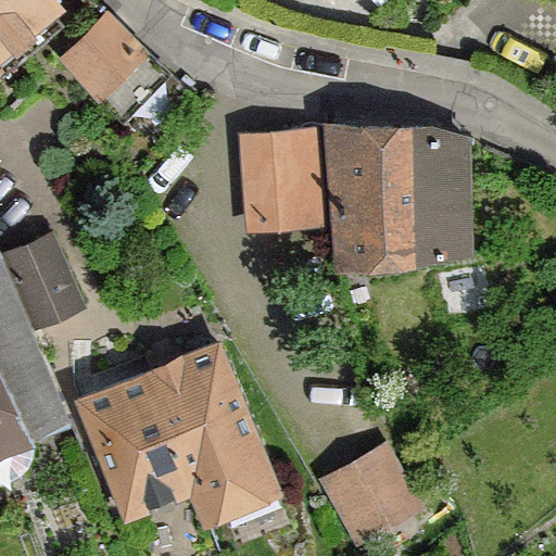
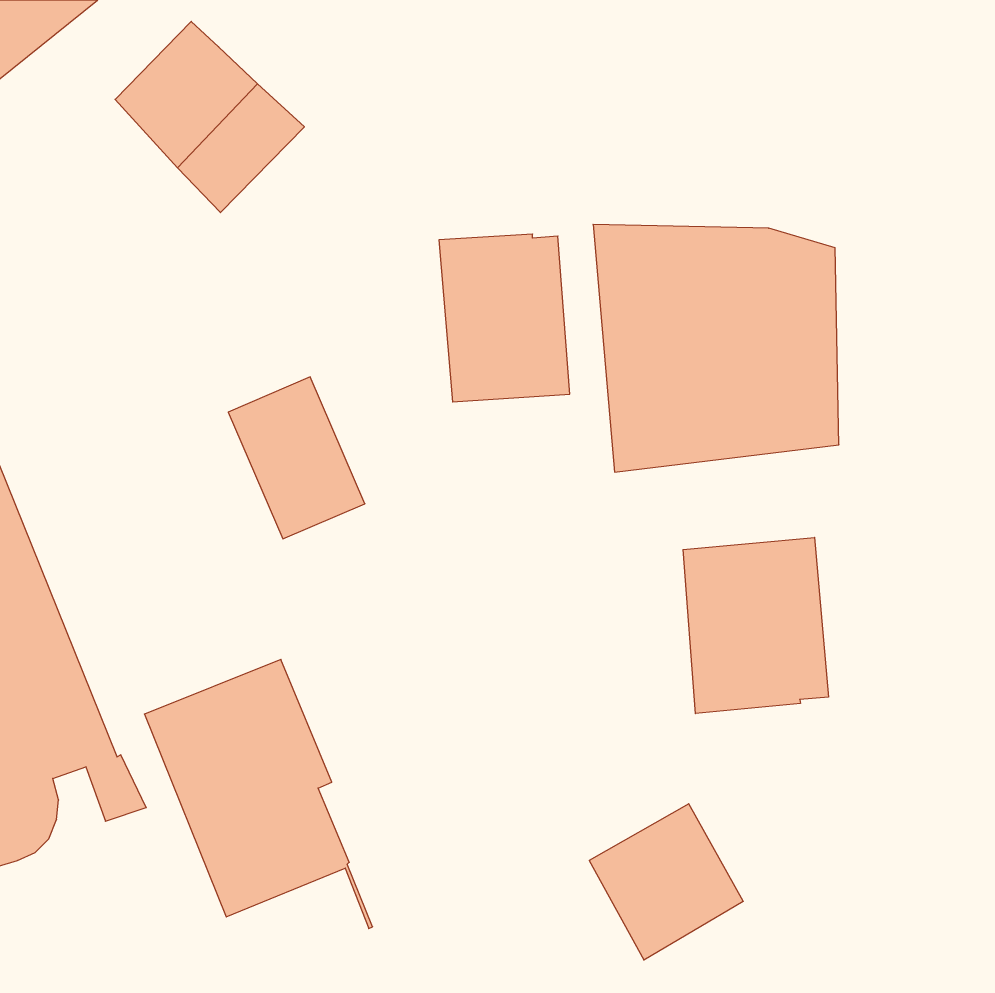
building: [4,235,80,325] -> [228,377,365,539]
building: none -> [683,537,828,714]
building: [156,344,275,518] -> none

